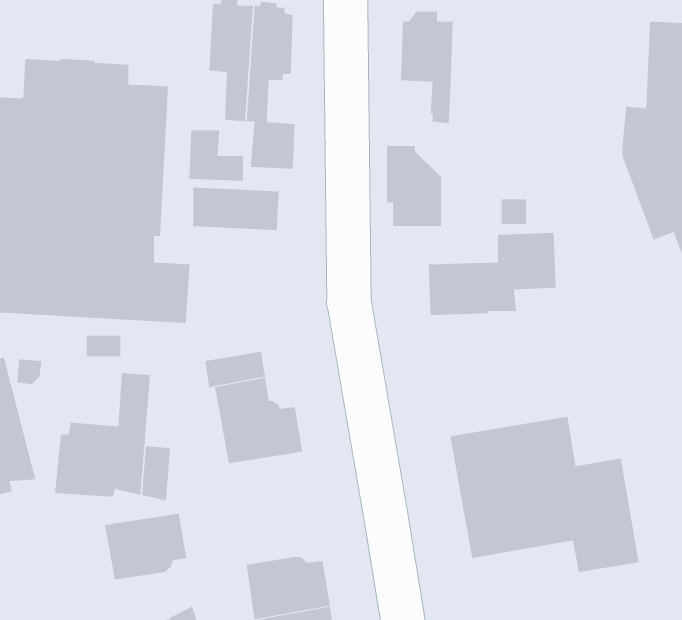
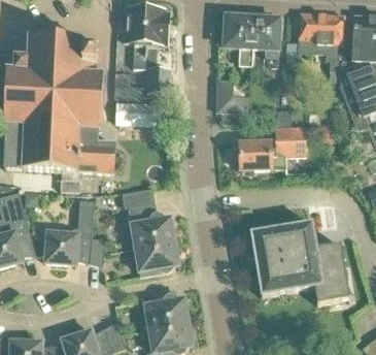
building: none -> [251,11,279,66]
building: none -> [285,13,344,70]
building: [104,513,187,580] -> [135,240,178,276]

